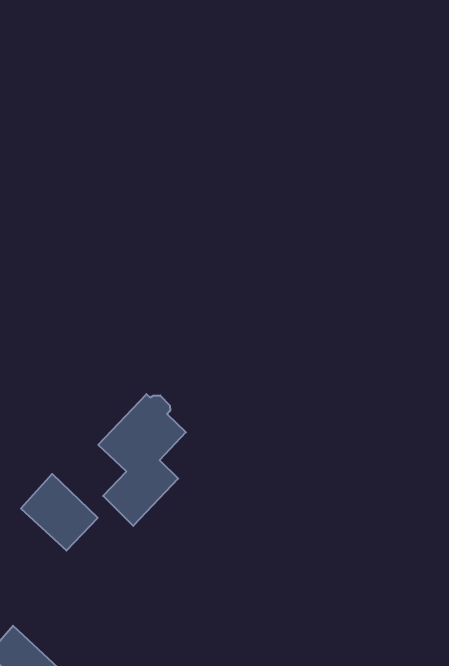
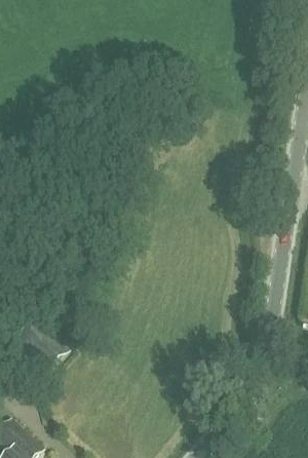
building: [98,394,186,526] -> none

